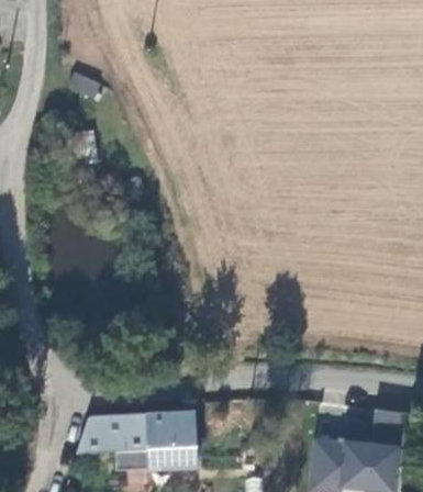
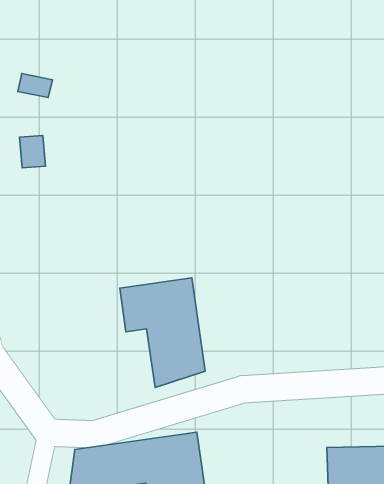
building: none -> [120,278,205,387]

